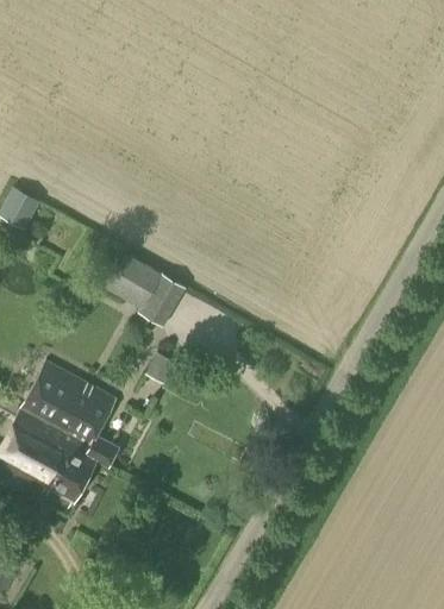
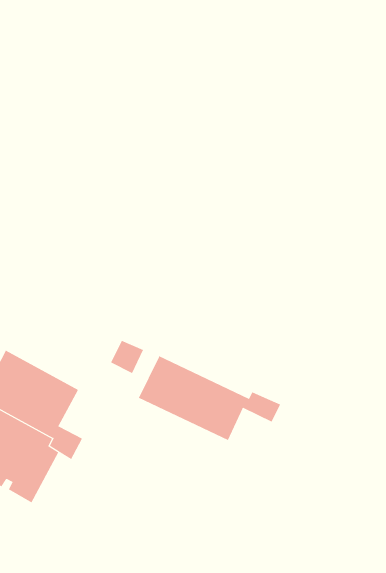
building: [106,253,188,327] -> none
building: none -> [138,355,281,441]

